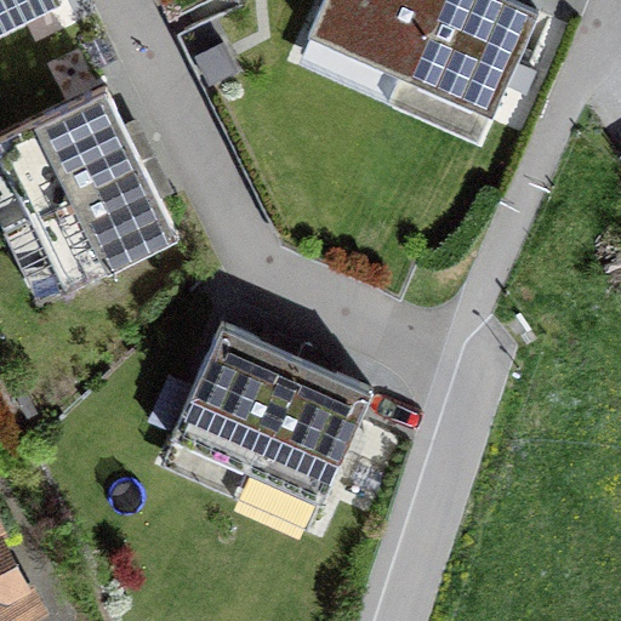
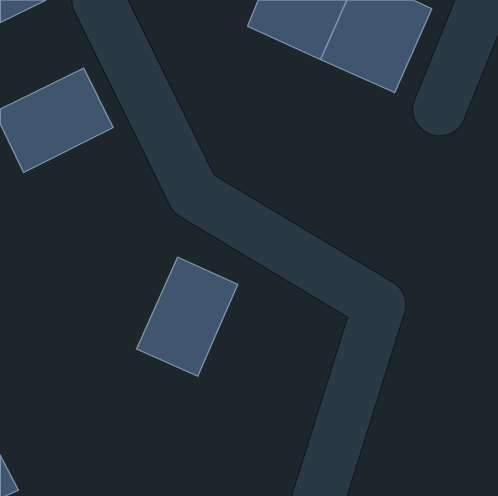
building: [29,161,178,291] -> none
building: [246,357,372,503] -> none

